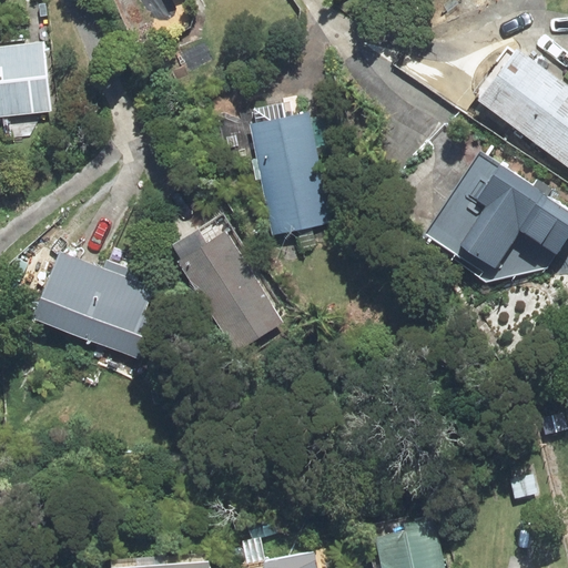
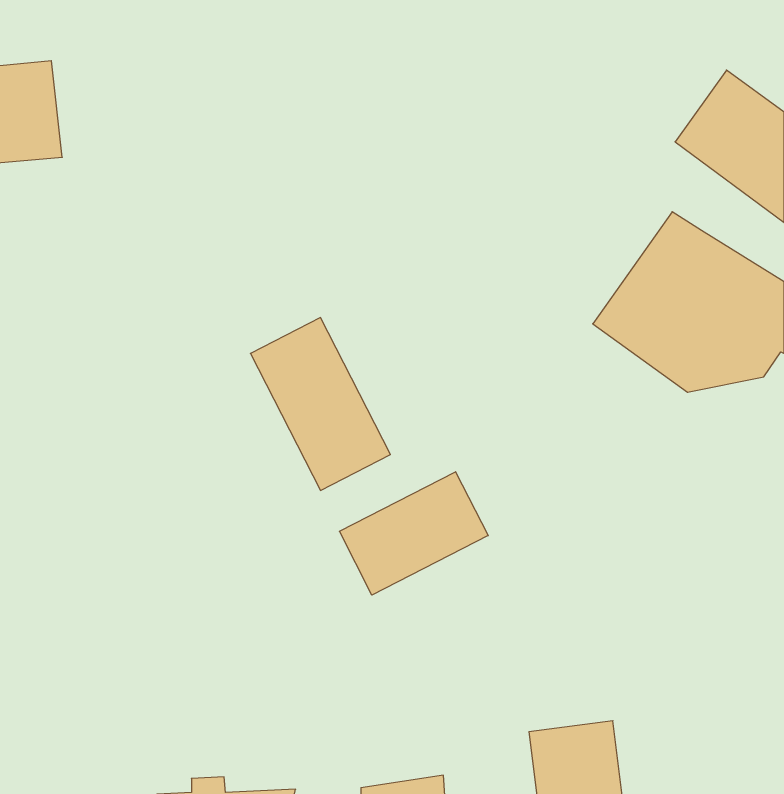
building: [247,102,329,235] -> none
building: [37,251,168,359] -> none
building: none -> [339,472,488,595]

